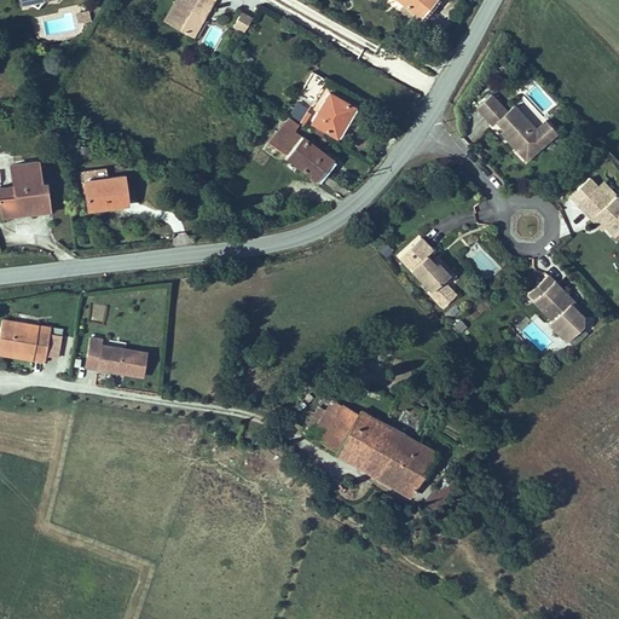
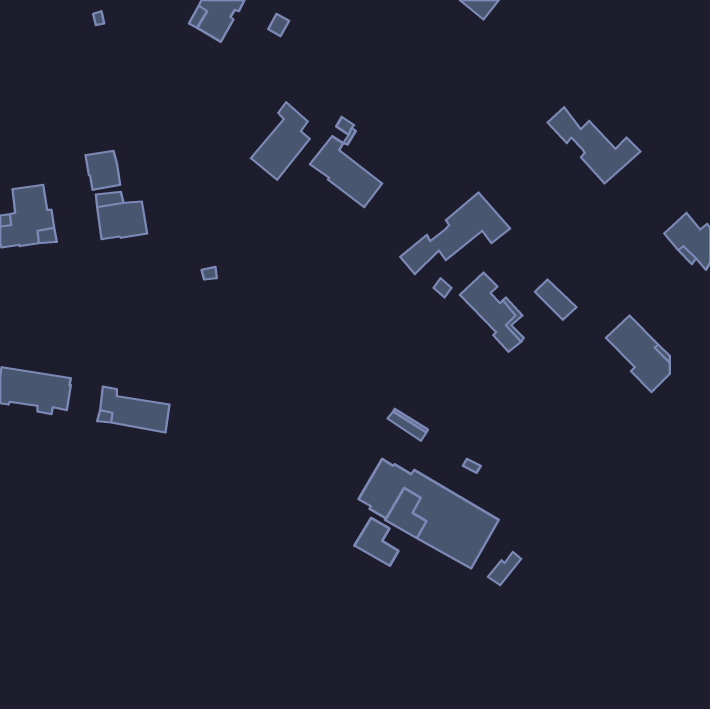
building: none -> [251,102,310,180]
building: [312,93,353,137] -> none
building: none -> [85,151,120,190]
building: none -> [400,192,510,274]
building: none -> [354,518,398,566]

